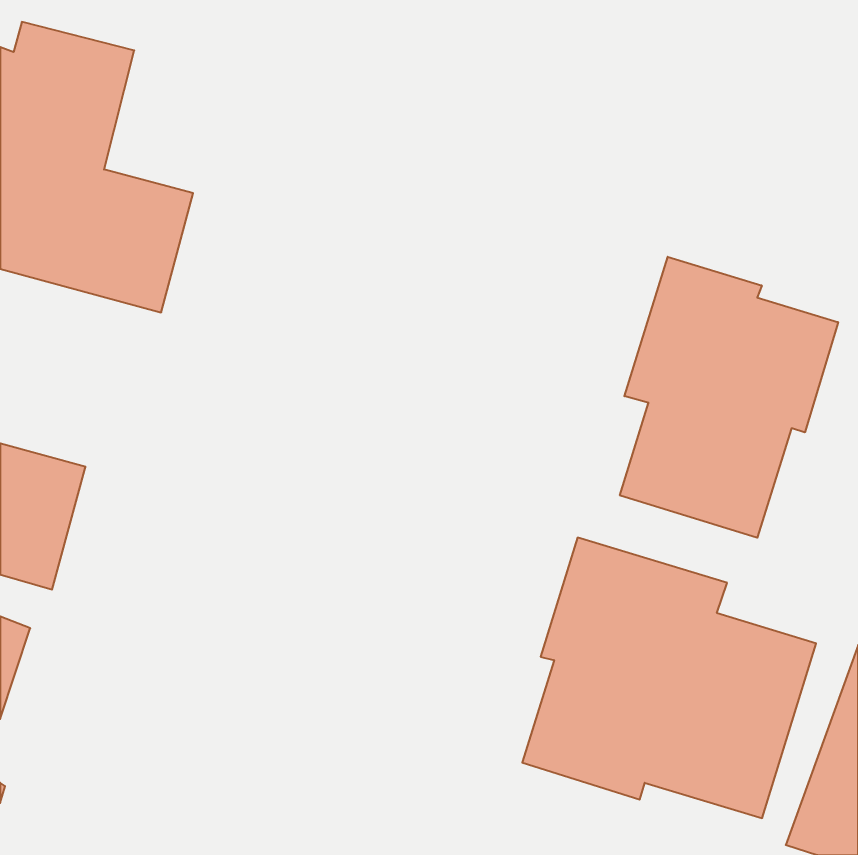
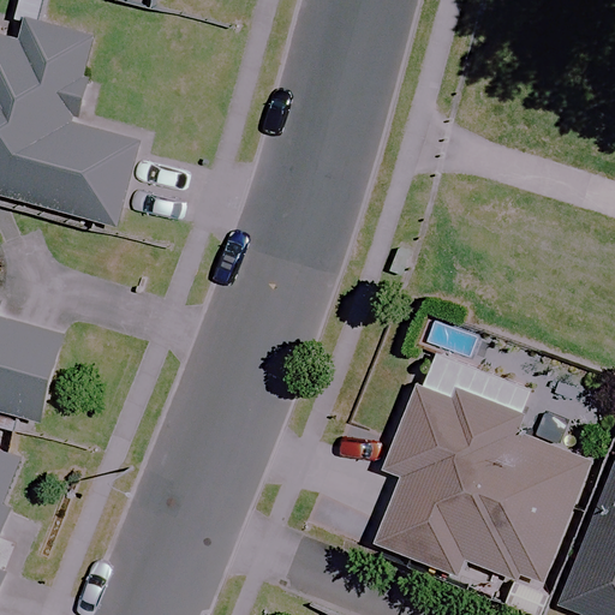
building: [620,257,838,538] -> none

